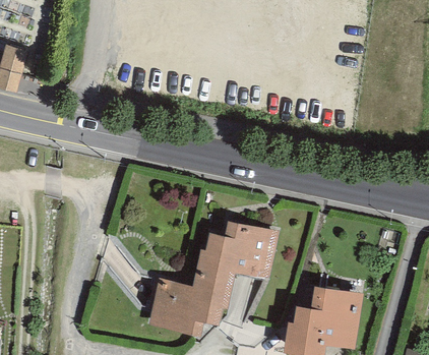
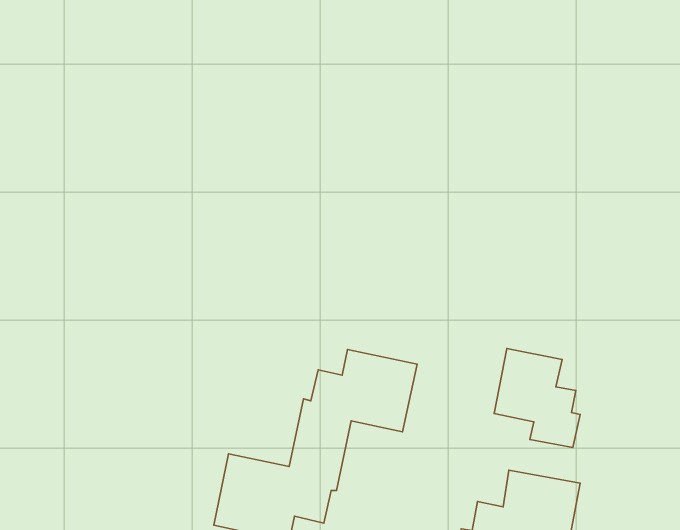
building: none -> [494,348,580,447]

